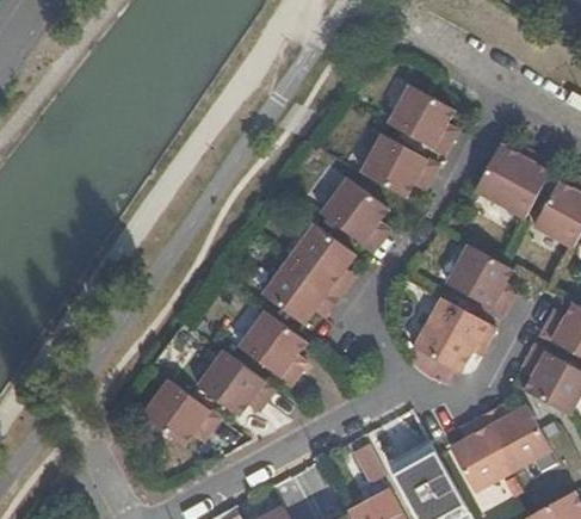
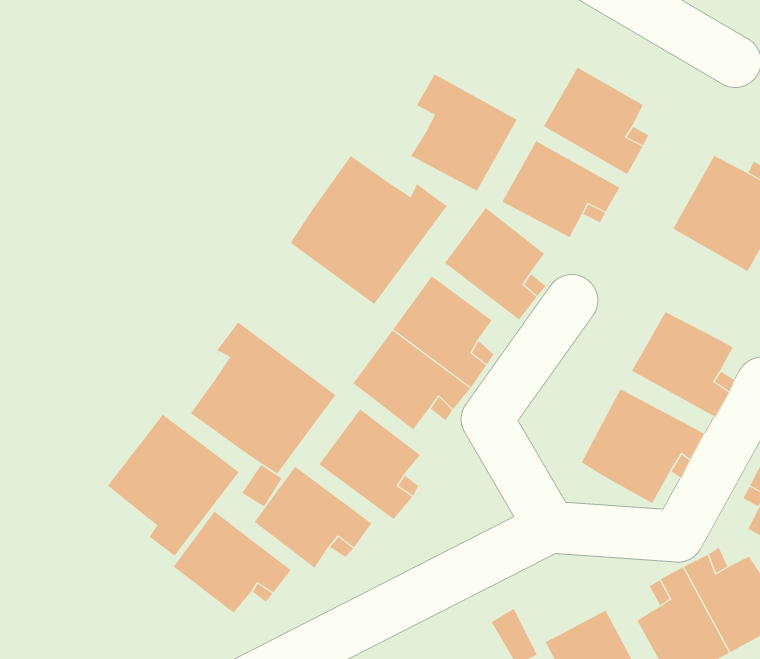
building: none -> [411,74,517,192]
building: none -> [290,155,448,305]
building: none -> [190,322,336,474]
building: none -> [107,414,239,556]

